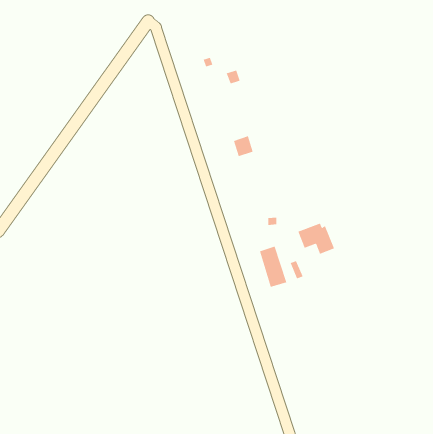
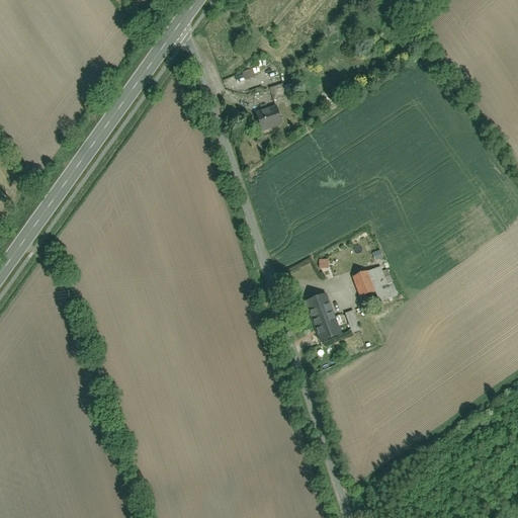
building: [233,136,254,157] -> [253,106,277,132]

